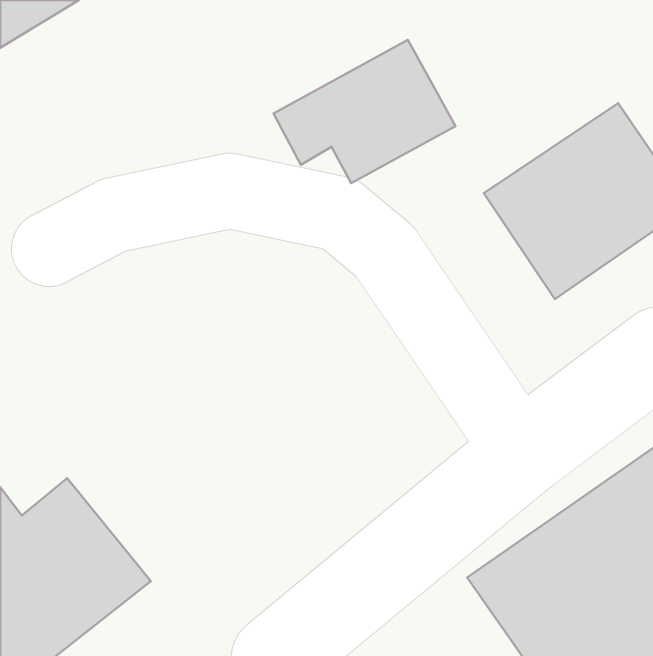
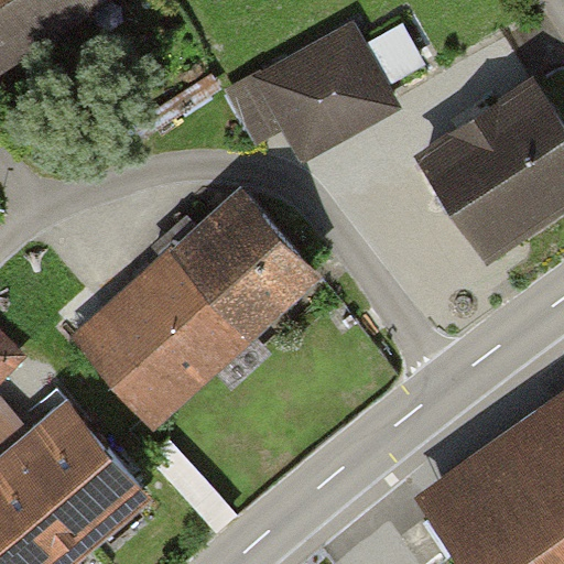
building: none -> [83,193,315,421]

